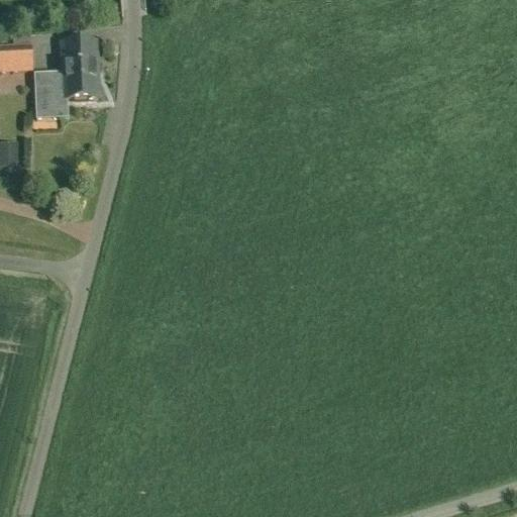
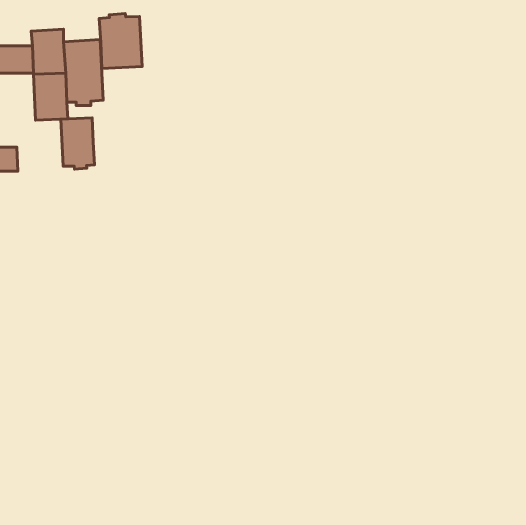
building: none -> [99,13,142,68]
building: none -> [61,118,95,169]

